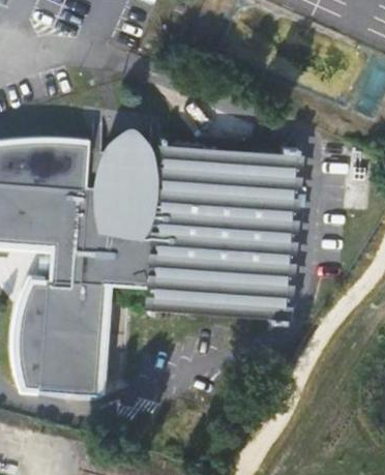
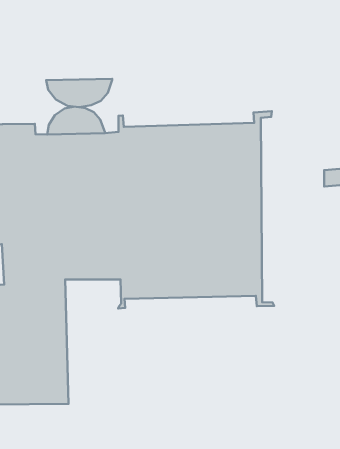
building: none -> [46,79,112,107]

